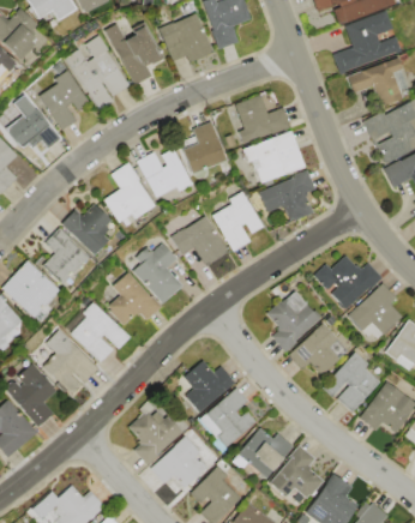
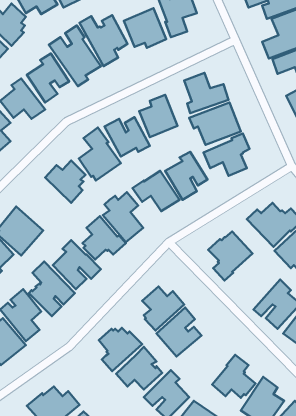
building: [35,228,90,288] -> none
building: [287,323,349,375] -> none
building: [231,426,294,479] -> none

